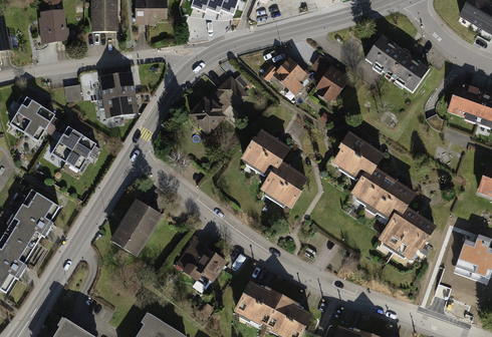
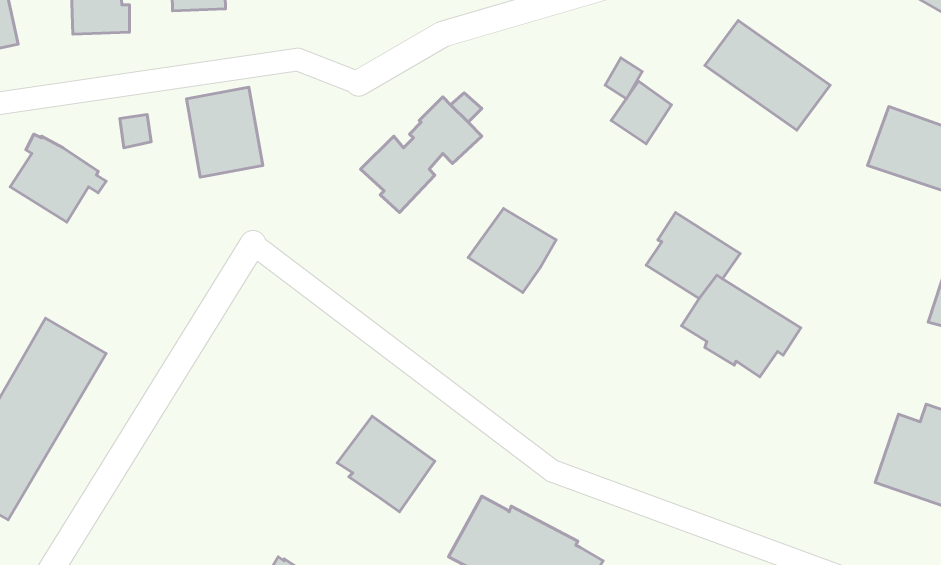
building: [275,60,308,93] -> none
building: [50,124,99,170] -> none
building: [262,162,306,207] -> none
building: [112,202,160,255] -> none
building: [381,206,434,258] -> none

